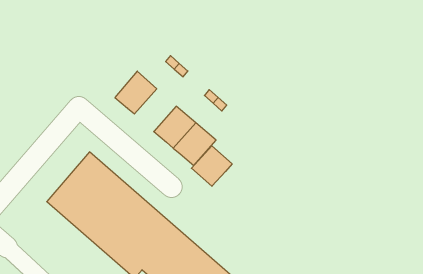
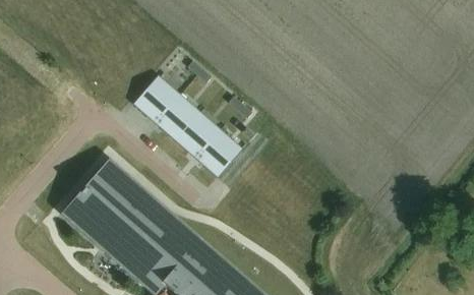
building: none -> [155,95,198,139]
building: [191,146,232,186] -> none

